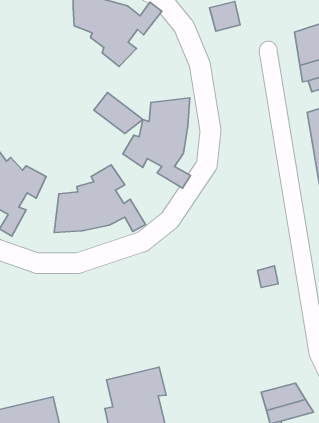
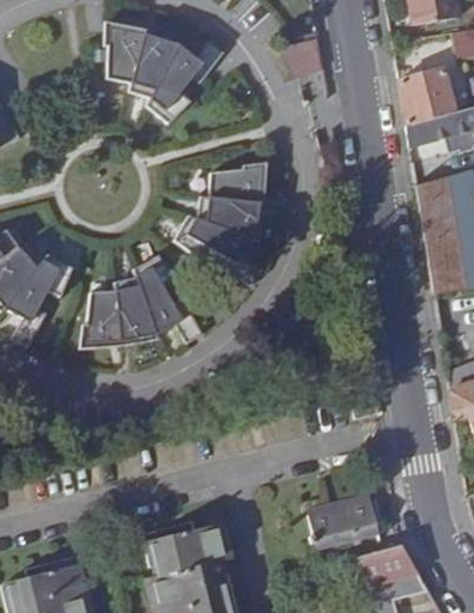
building: [94,93,143,133] -> none
building: none -> [314,502,382,550]

